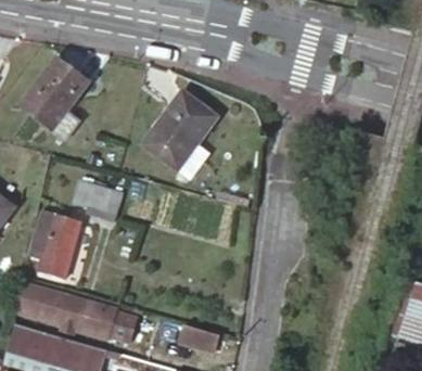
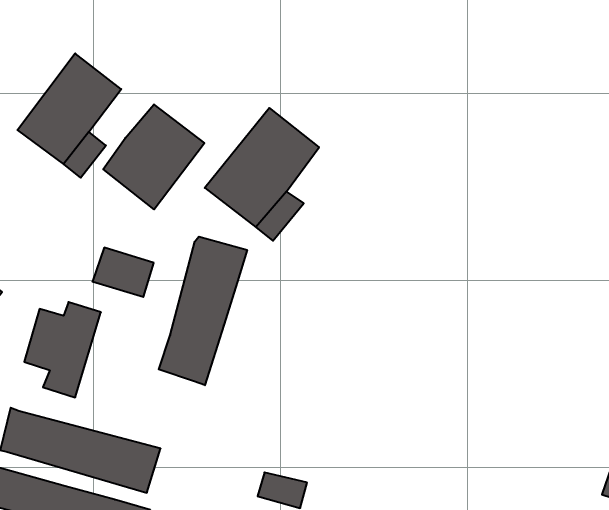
building: none -> [103,104,204,209]
building: none -> [159,237,247,385]

